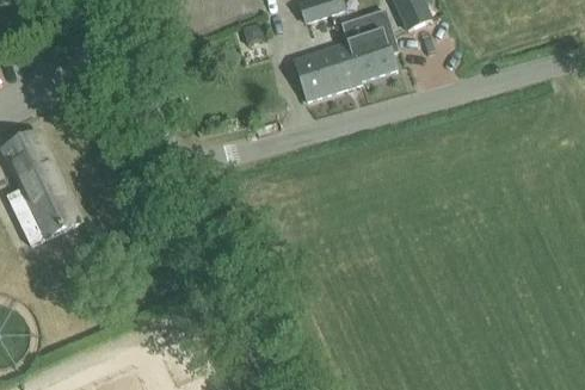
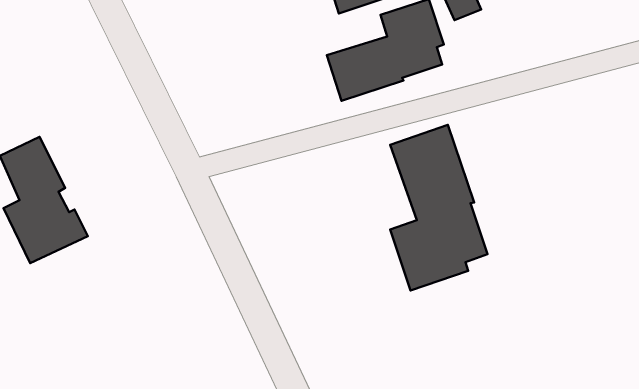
building: none -> [390,125,487,291]

